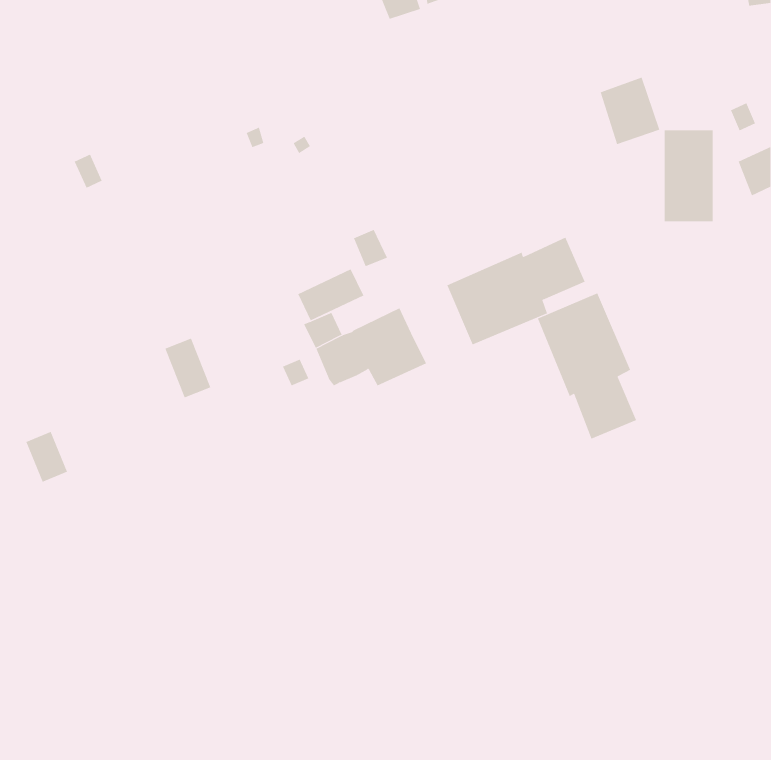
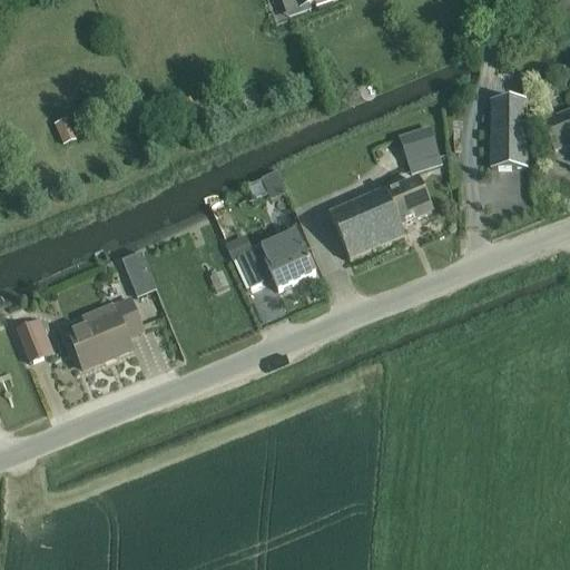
building: [600,77,660,145] -> [399,124,443,174]
building: [297,268,364,321] -> none
building: [537,292,637,439] -> none
building: none -> [69,295,142,365]

